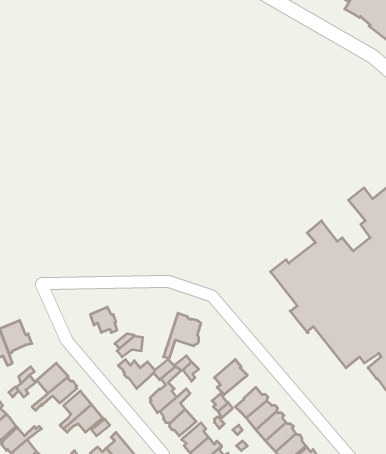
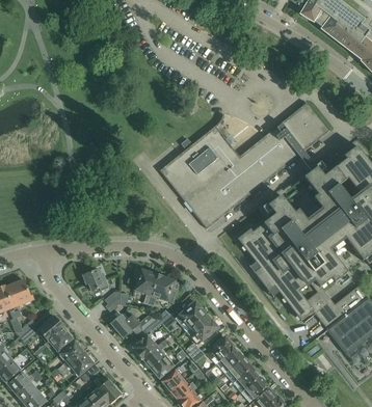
building: none -> [160,102,328,228]
building: none -> [134,268,158,304]
building: none -> [176,301,207,330]

